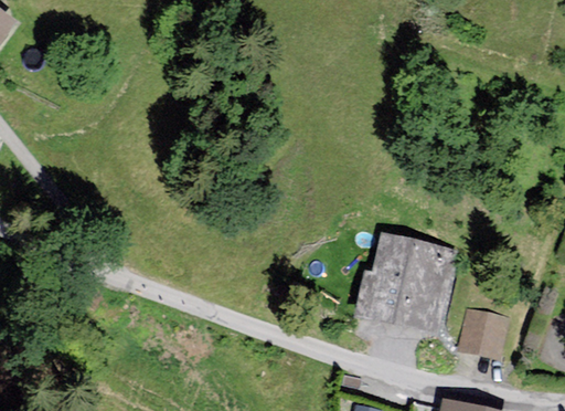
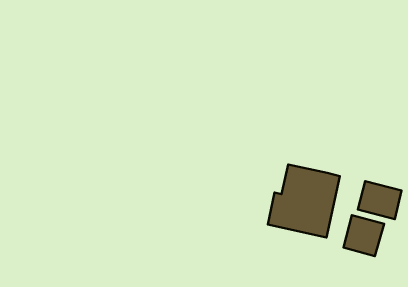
building: none -> [358,181,401,219]

